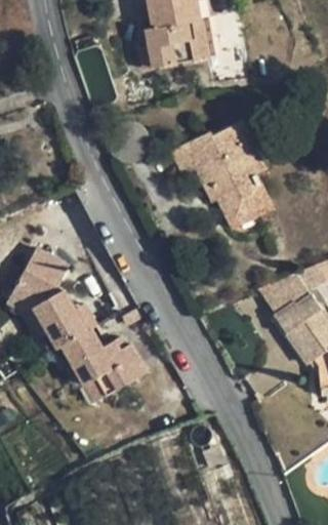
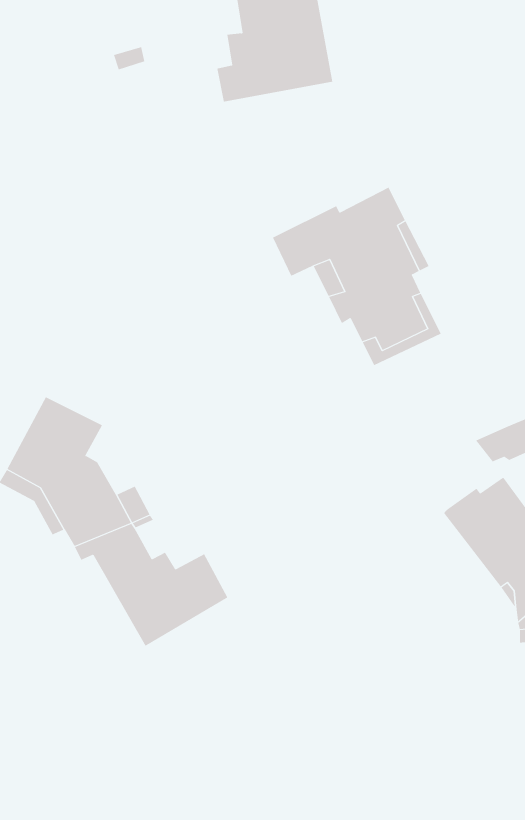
building: [257,275,311,317] -> none

